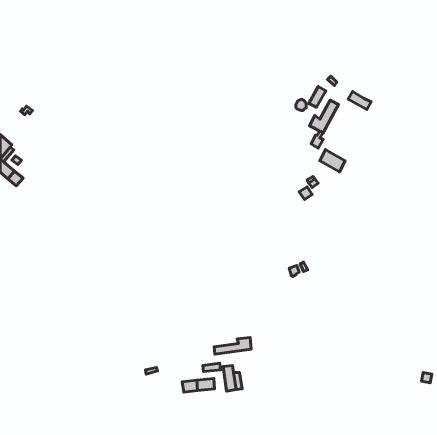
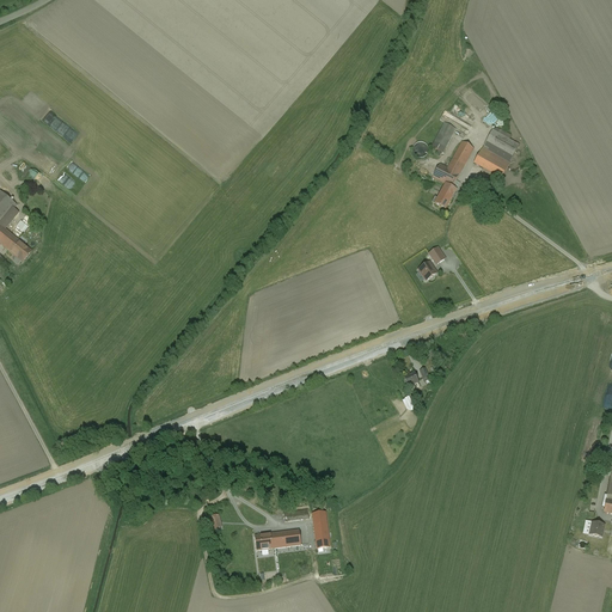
building: [320,150,345,172] -> [473,145,509,176]
building: [214,337,251,354] -> none

